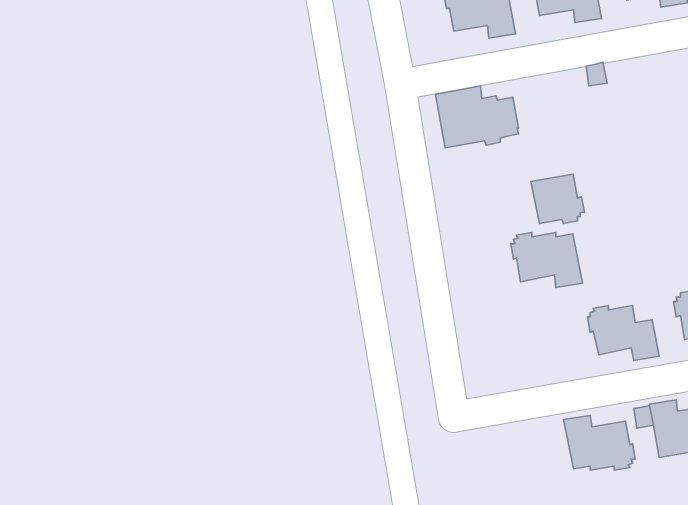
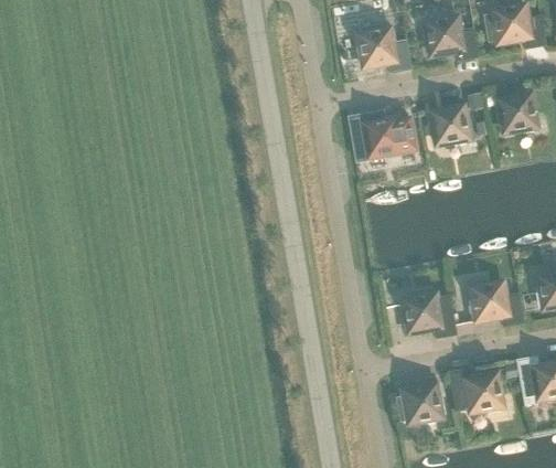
building: none -> [498,94,539,132]
building: [531,174,584,224] -> [430,106,472,145]
building: [511,233,583,287] -> [400,295,457,338]
building: none -> [395,384,443,423]

